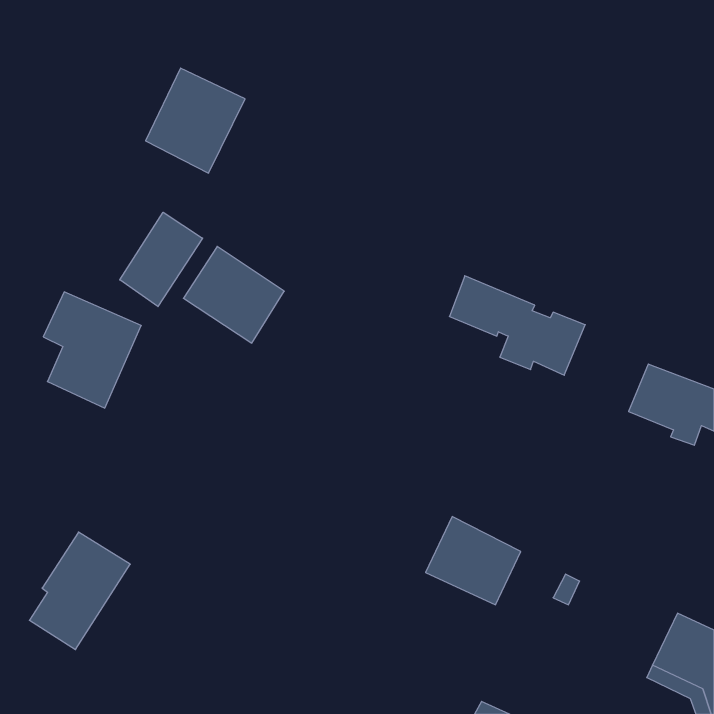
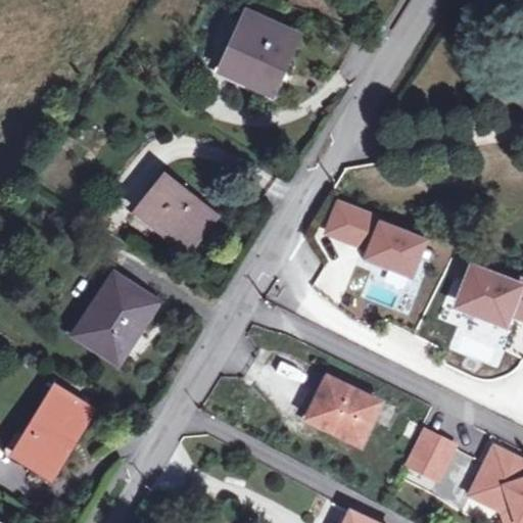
building: [146,68,245,173] -> [216,13,288,90]
building: [120,212,203,307] -> none
building: [43,292,141,408] -> [84,279,155,364]
building: none -> [410,431,455,479]

